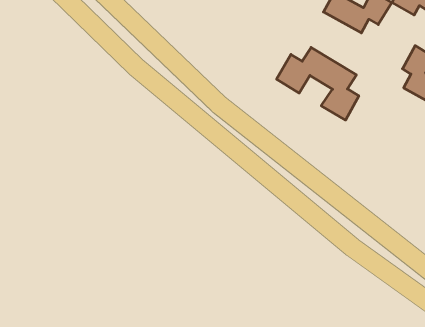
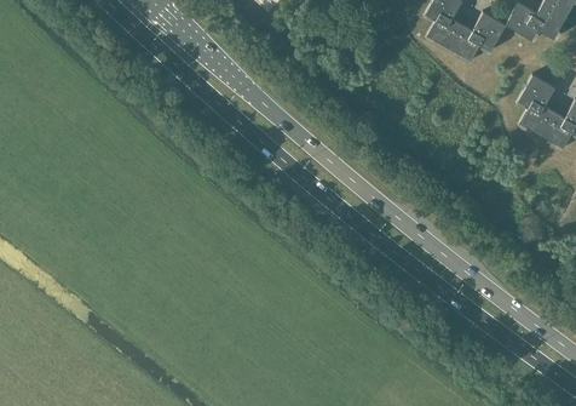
building: [277,47,359,120] -> none

